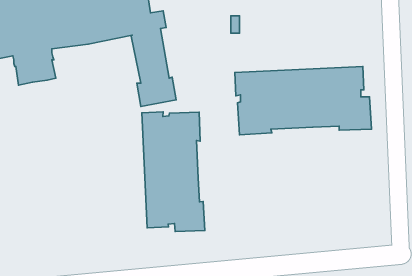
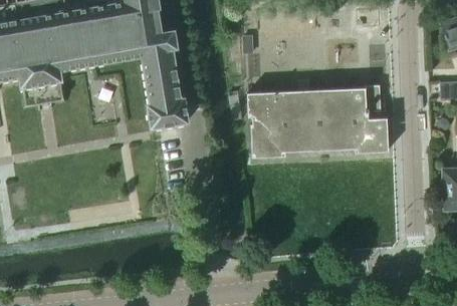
building: [142,112,205,231] -> none

